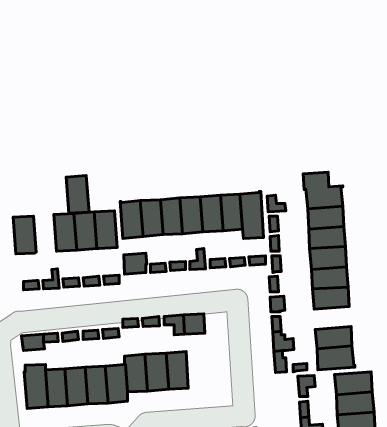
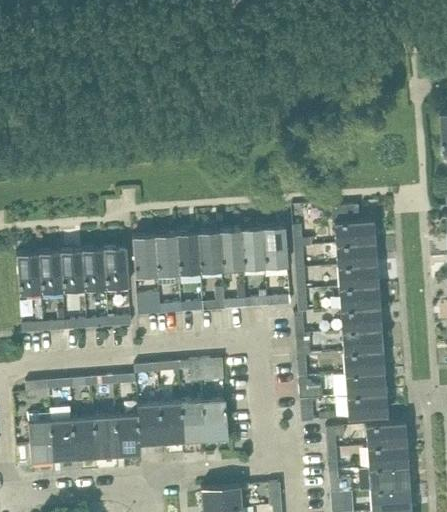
building: [66,175,89,213] -> [38,252,63,293]
building: none -> [343,352,383,377]
building: none -> [204,400,228,441]

